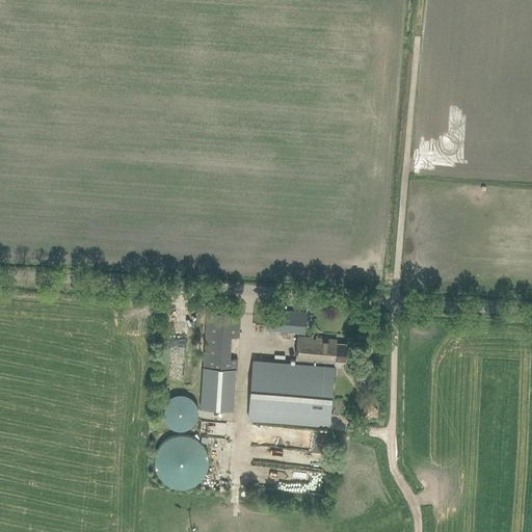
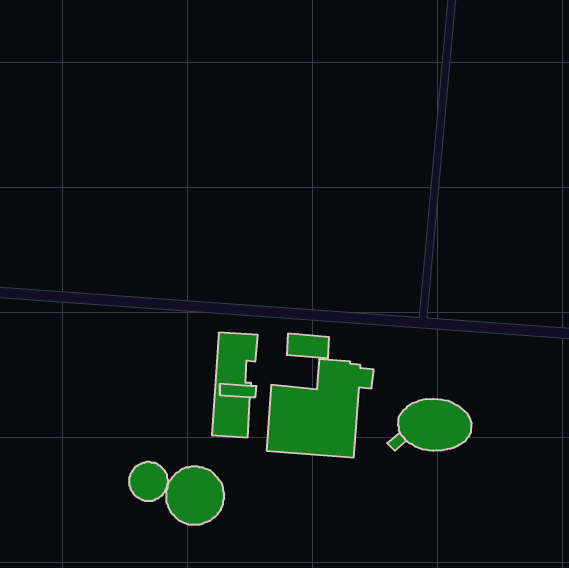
building: none -> [398,399,471,451]
building: [163,396,200,432] -> [129,462,168,501]

